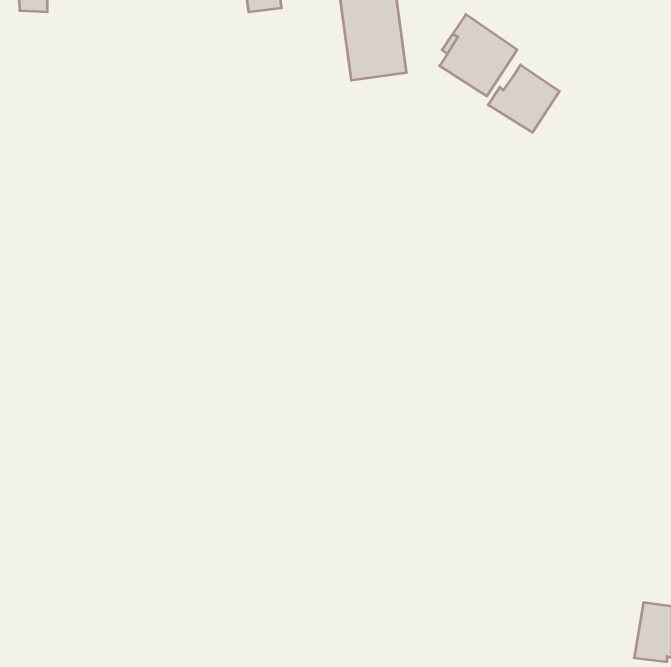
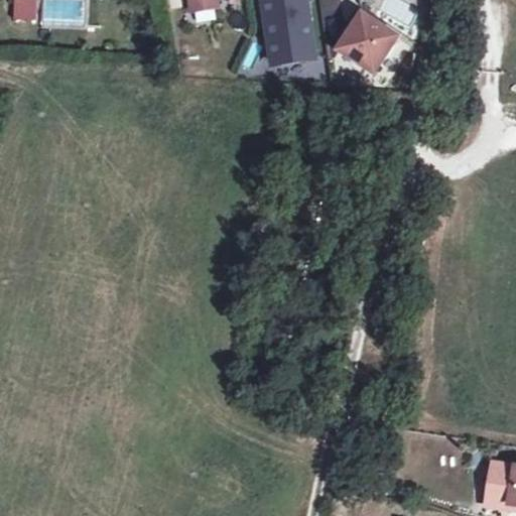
building: [488,65,559,132] -> none

